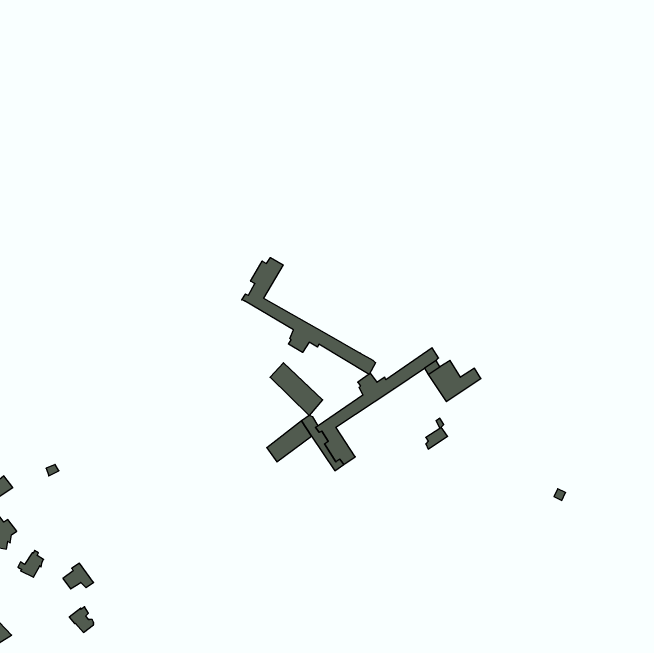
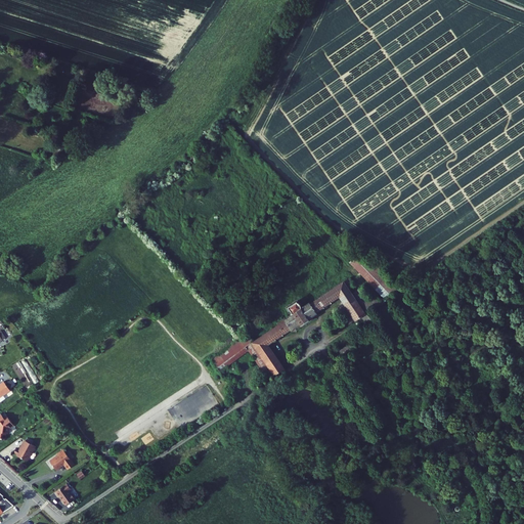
building: [242,258,376,374] -> none
building: [270,363,323,416] -> none

